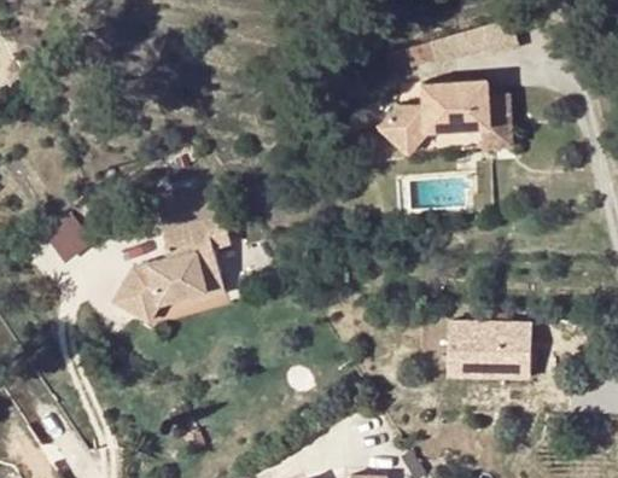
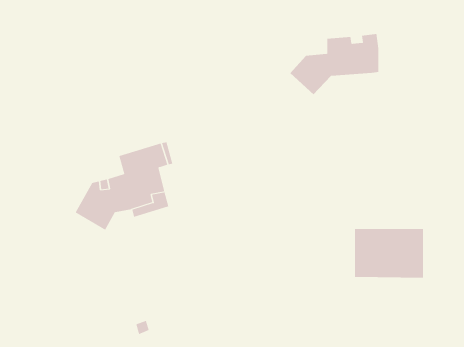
building: [473,103,506,155] -> none
building: [48,216,95,263] -> none

